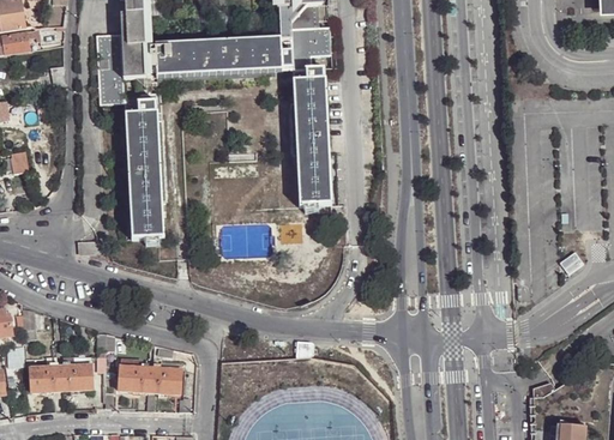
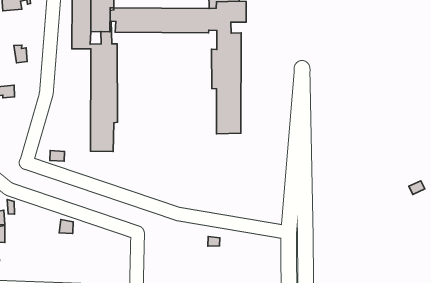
building: [29,362,91,390] -> none
building: [118,364,180,391] -> none

